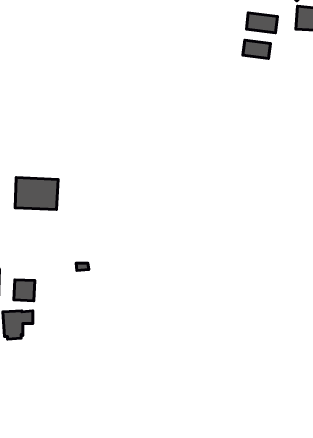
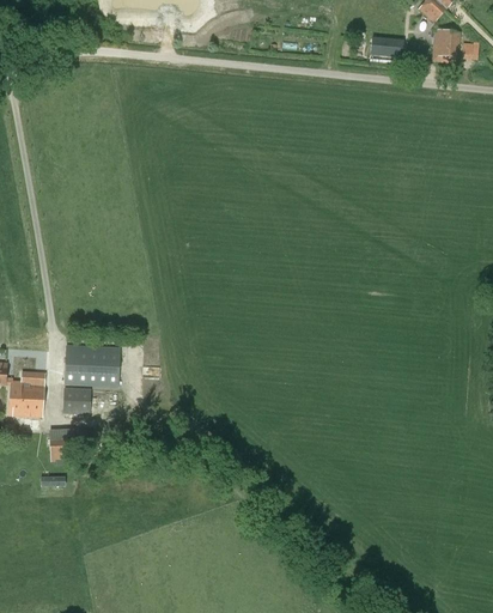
building: [243,40,271,59] -> none
building: [15,178,58,210] -> [65,344,121,386]

